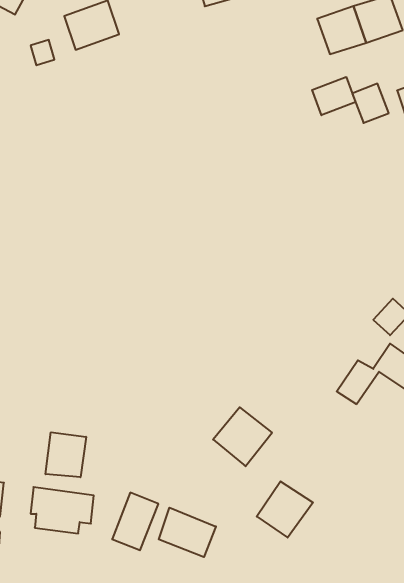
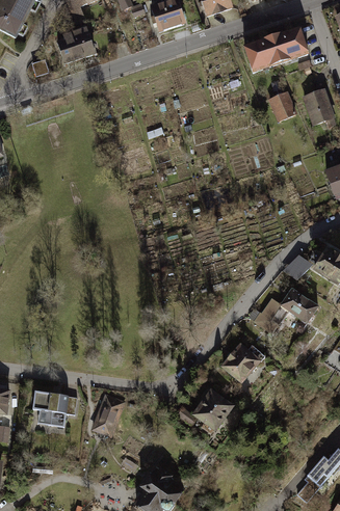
building: [312,77,356,115] -> none
building: [213,407,272,466] -> [226,341,269,384]
building: [46,432,86,477] -> none
building: [159,508,216,557] -> none

